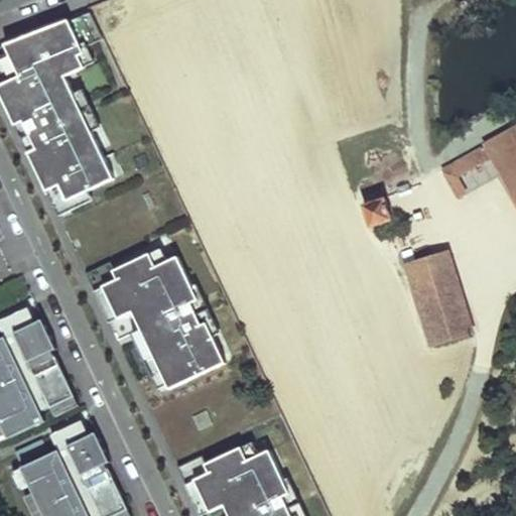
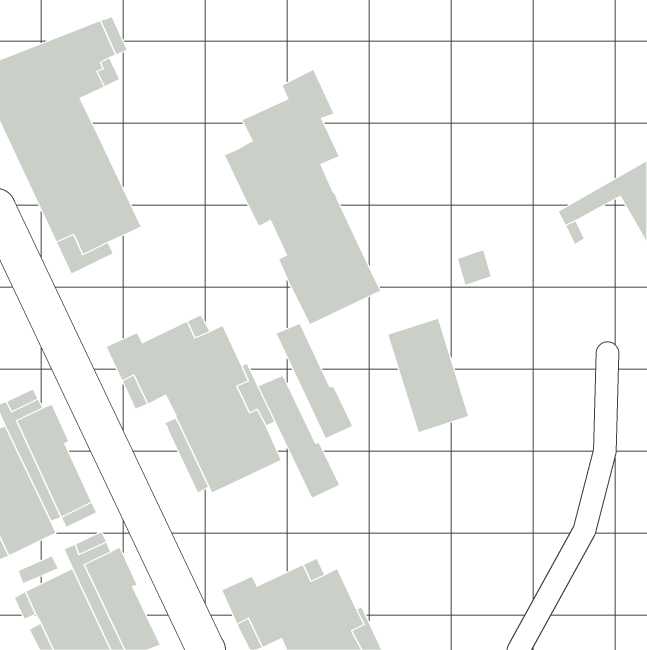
building: none -> [224,69,381,325]
building: [405,252,470,343] -> [387,318,469,433]
building: none -> [276,323,353,439]
building: none -> [258,375,340,498]

